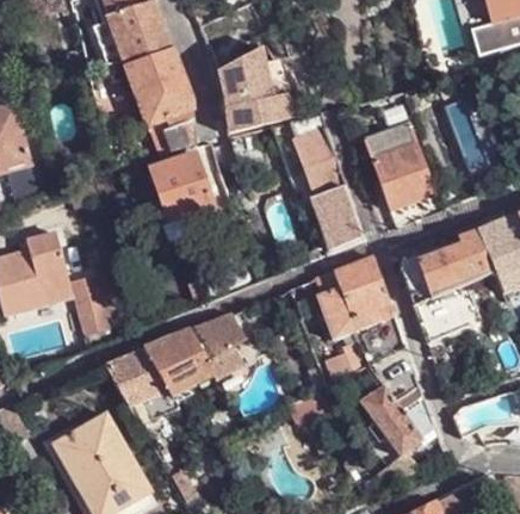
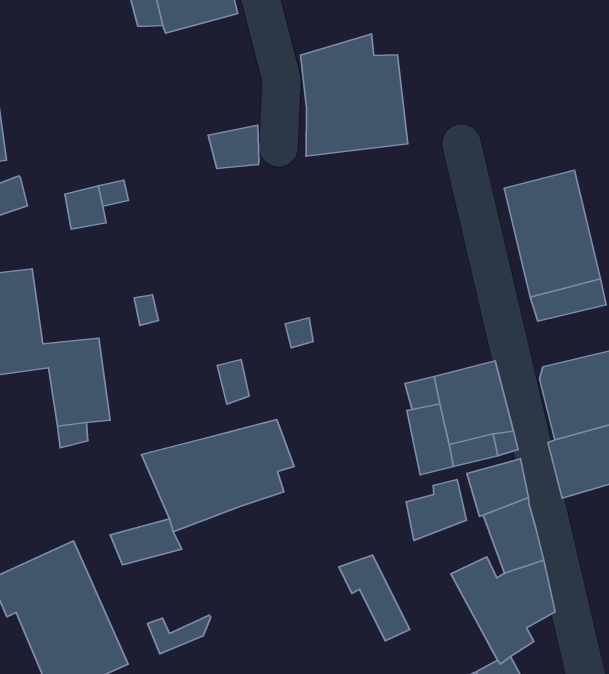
building: [125,45,192,122] -> none
building: [272,112,361,244] -> none
building: [150,154,212,219] -> none
building: [107,347,168,403] -> none

